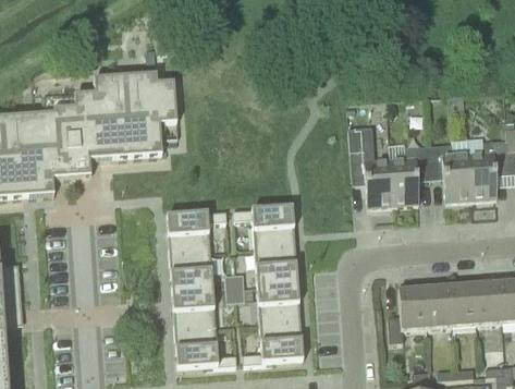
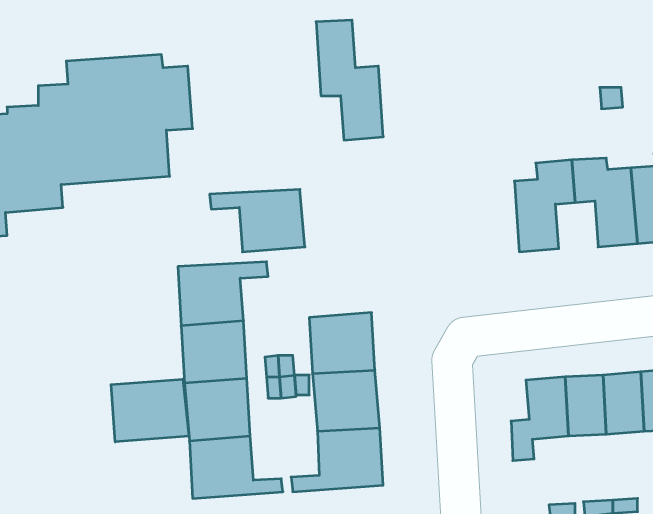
building: [348,126,393,206] -> [316,20,383,140]
building: [232,206,295,247] -> [210,189,305,252]
building: none -> [111,379,189,442]

